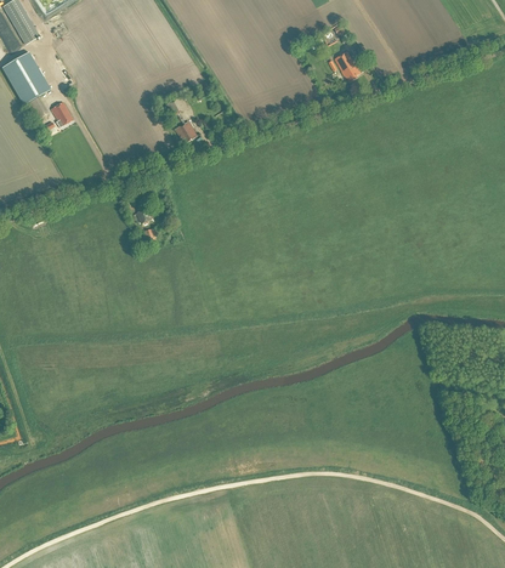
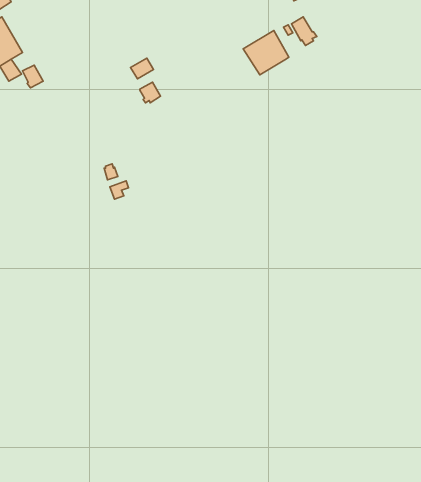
building: none -> [243,30,289,75]

